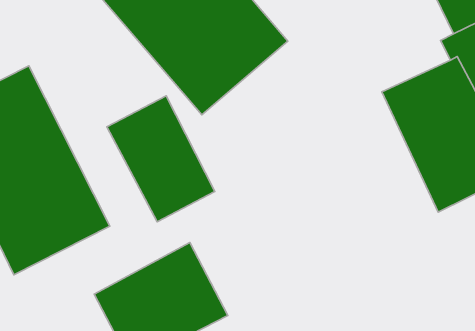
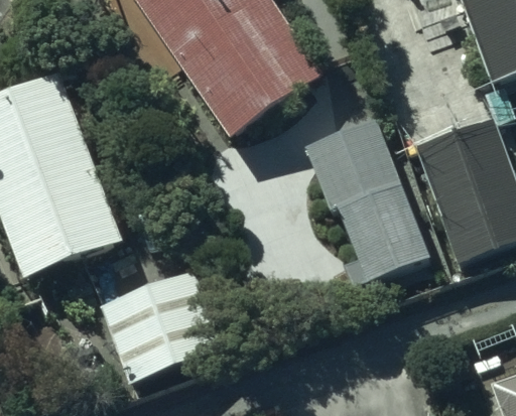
building: none -> [304,119,432,289]
building: [107,96,215,222] -> none

